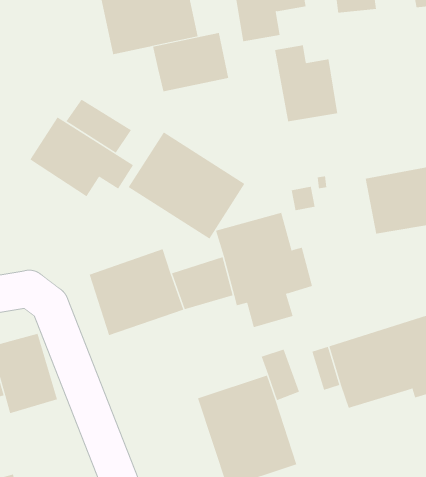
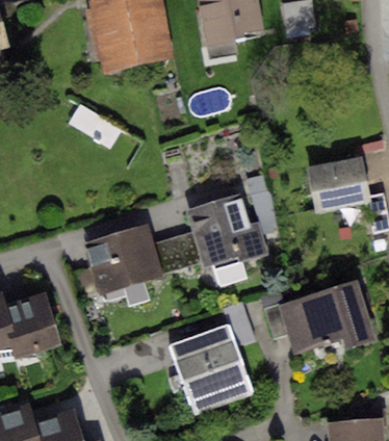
building: [153,32,229,92] -> none
building: [275,44,338,122] -> none
building: [29,116,134,197] -> none
building: [128,131,245,240] -> none

